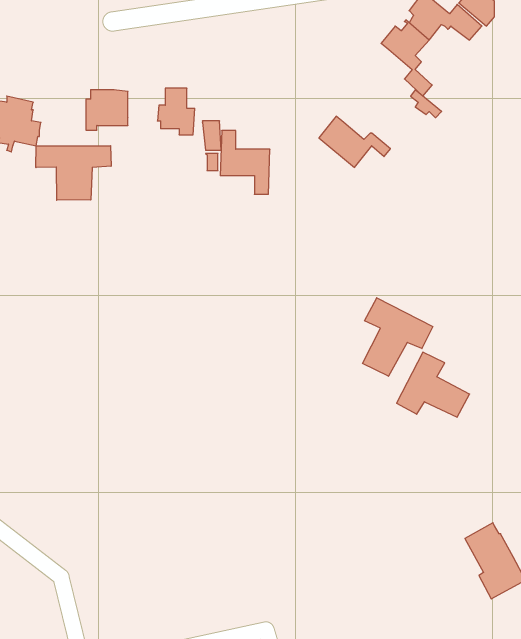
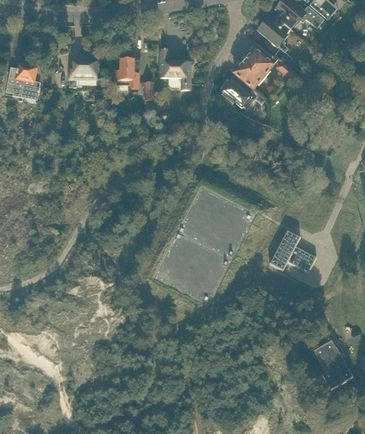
building: none -> [234,49,272,88]
building: [220,131,270,194] -> [159,48,191,89]
building: [36,146,111,200] -> none
building: [363,298,433,376] -> none

